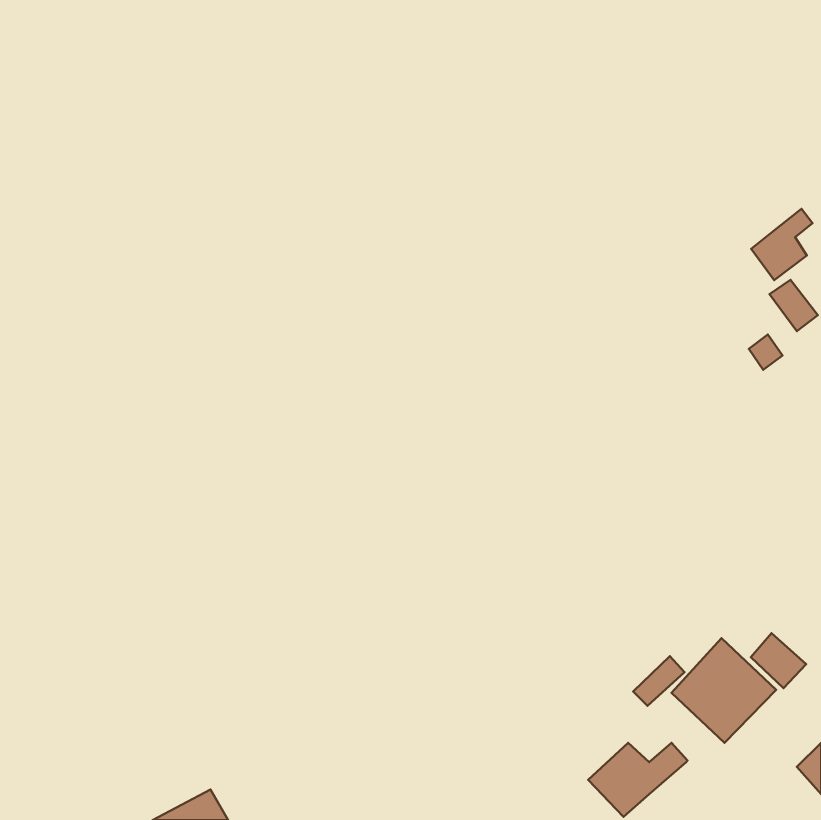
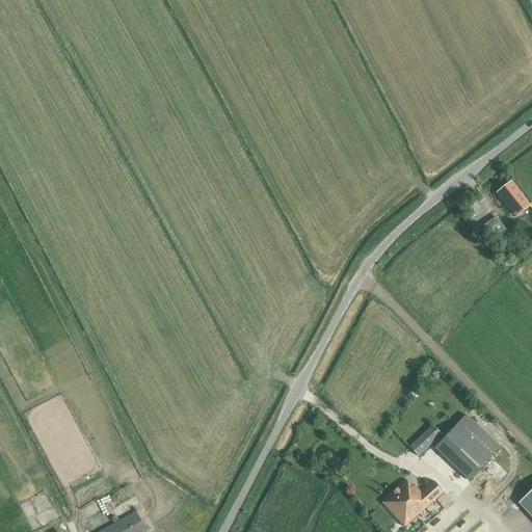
building: [751,209,812,280] -> none
building: [751,633,806,688] -> none

